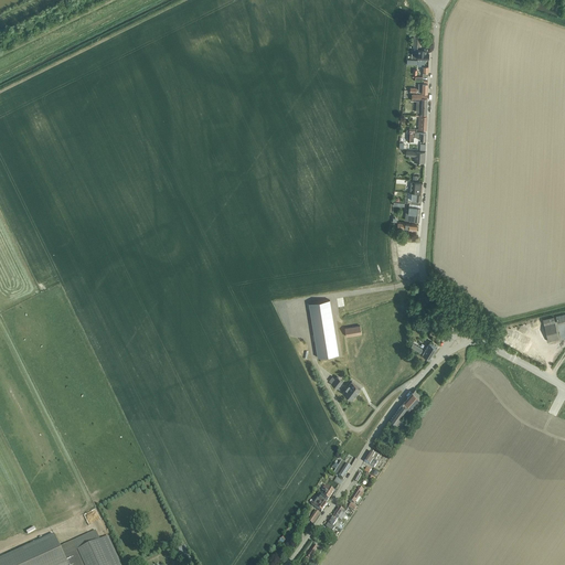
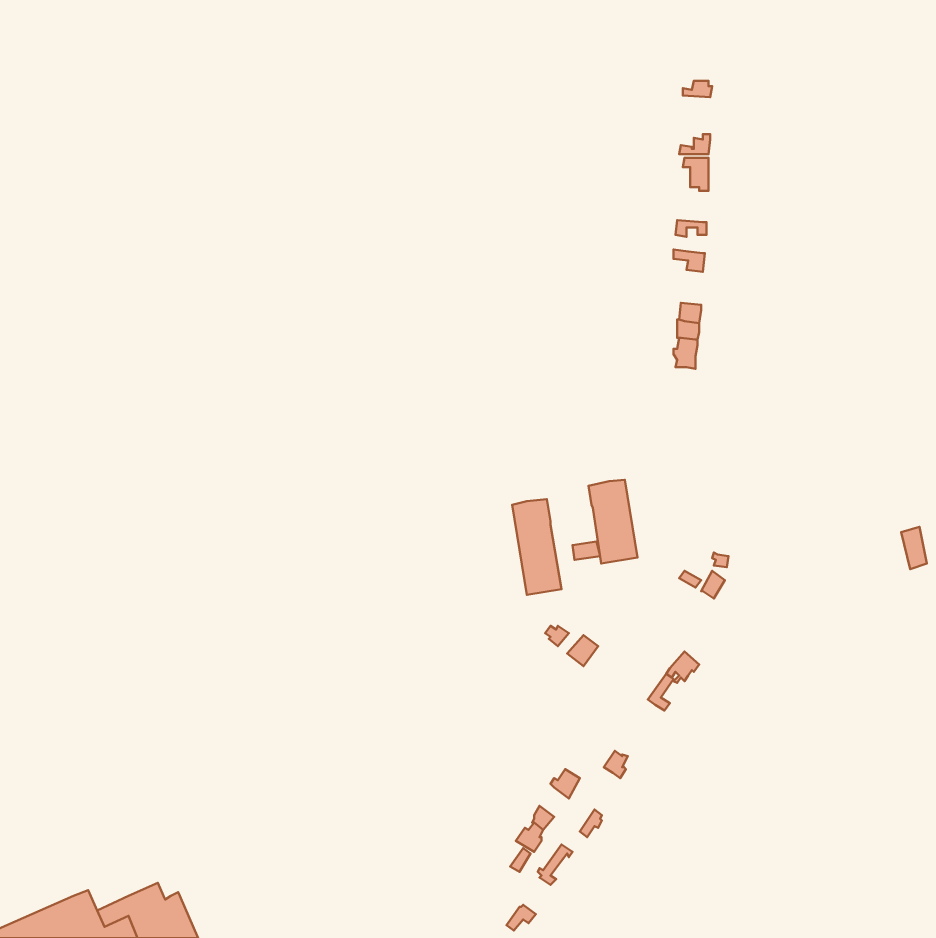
building: none -> [589,480,638,563]

